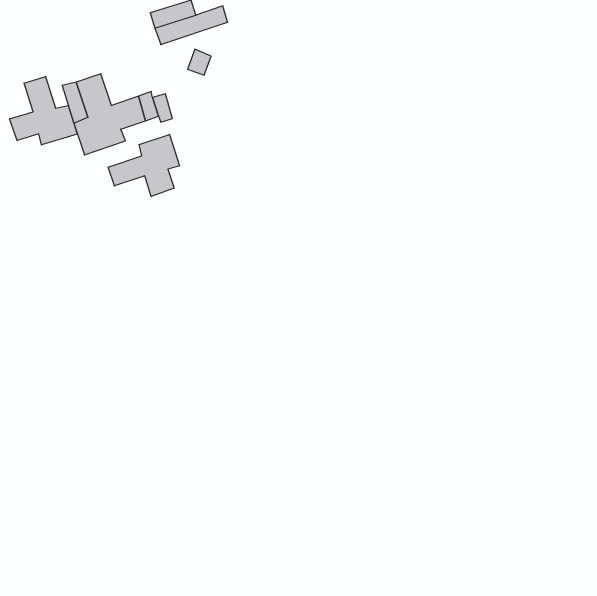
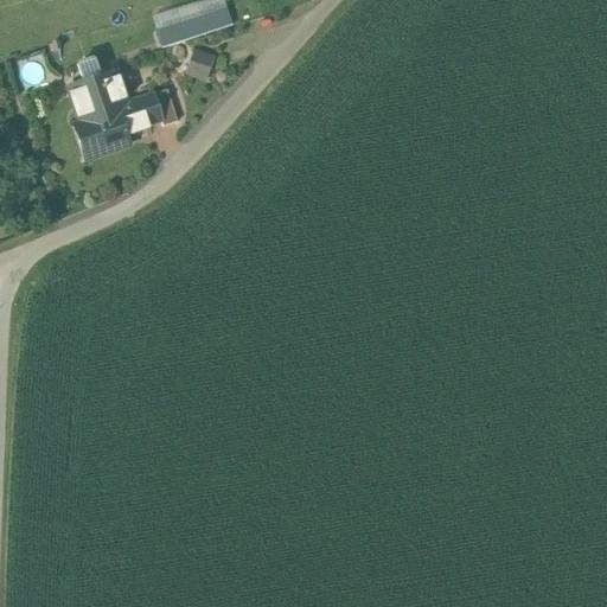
building: [10,76,77,145] -> none
building: [108,134,180,197] -> none

